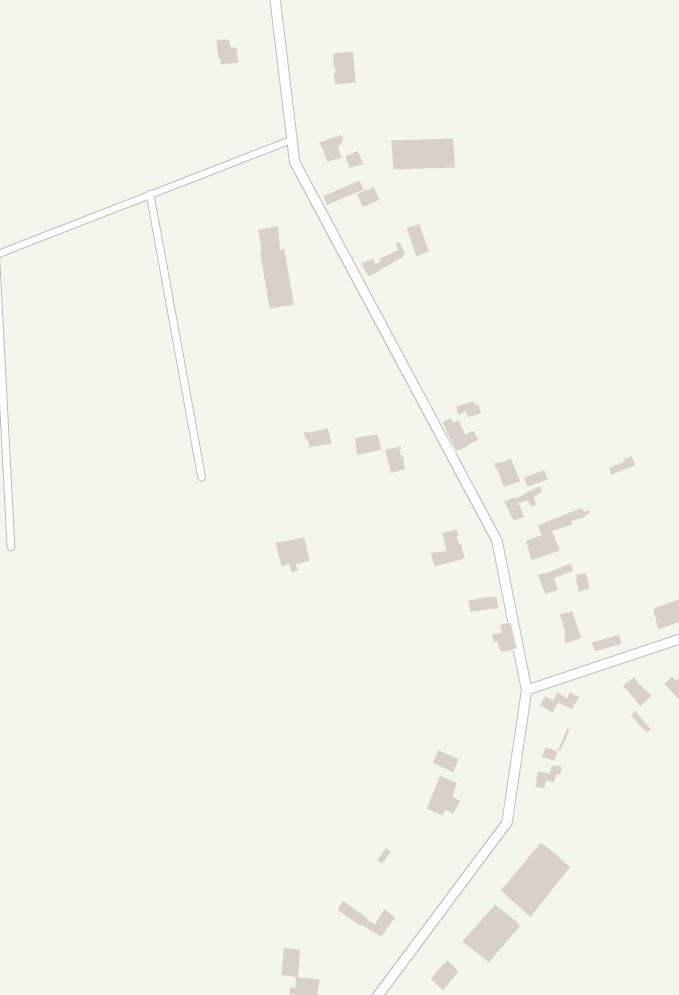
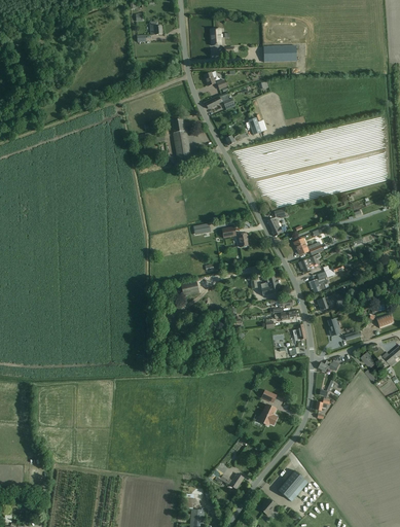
building: [390,138,456,170] -> [263,45,297,62]
building: [500,842,571,918] -> none

